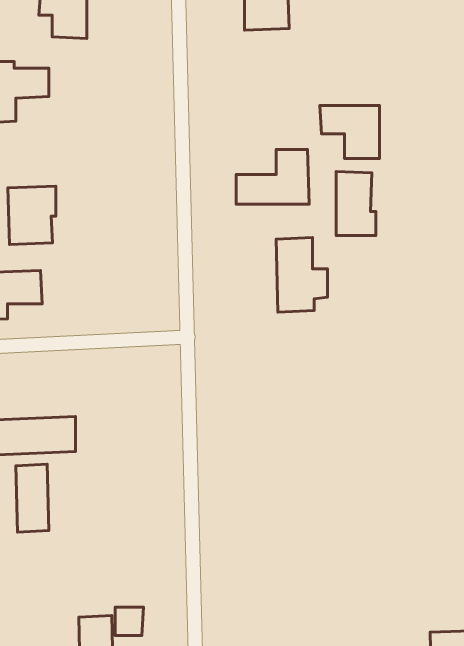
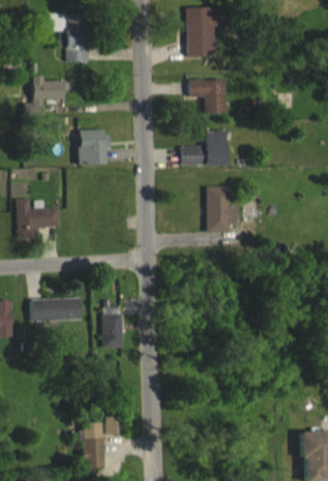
building: [320,106,379,159] -> [188,80,226,113]
building: [336,171,376,235] -> none
building: [8,186,56,244] -> [78,129,108,166]
building: [16,464,49,532] -> [103,306,124,349]

